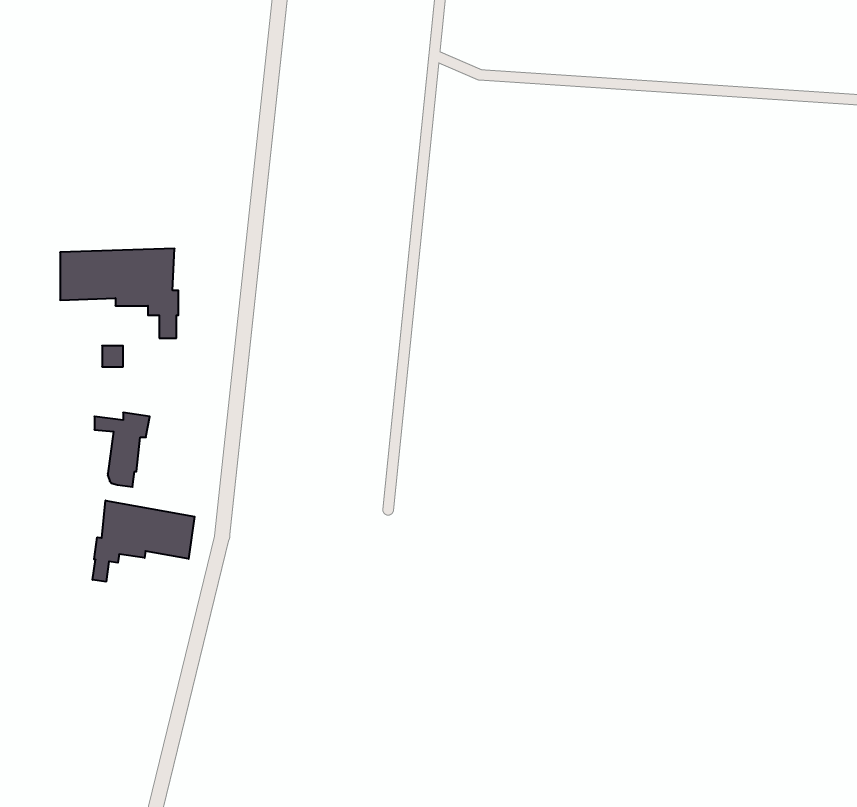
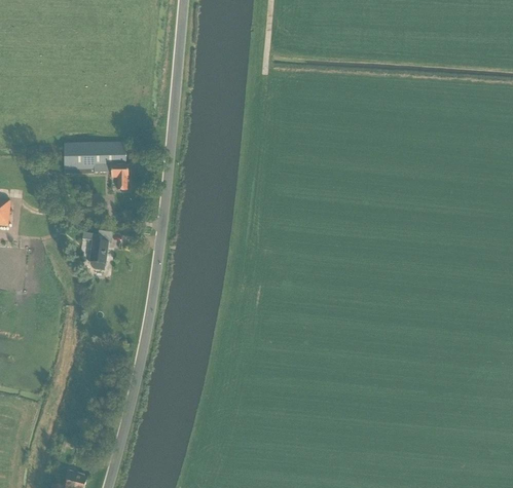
building: [93,500,195,582] -> none

